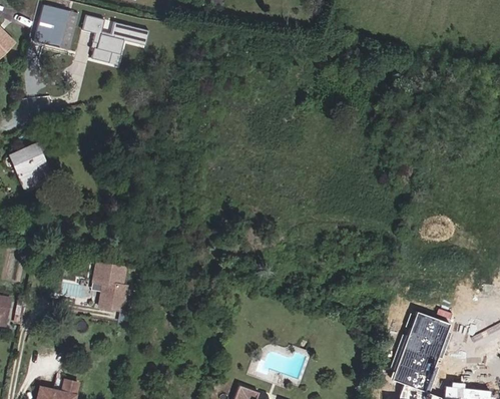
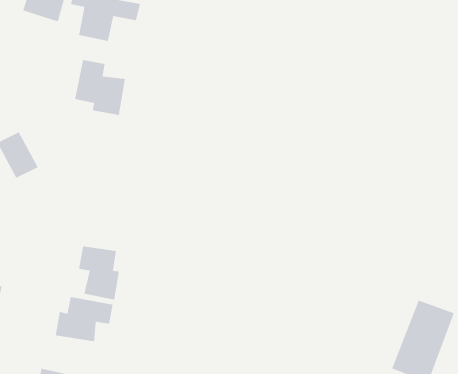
building: none -> [74,59,126,116]
building: none -> [55,296,113,342]

